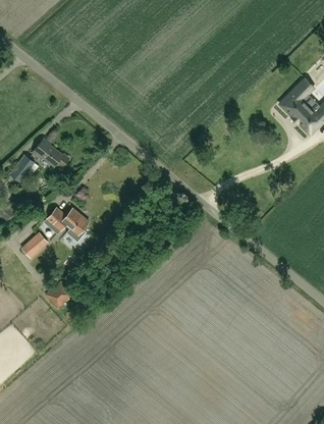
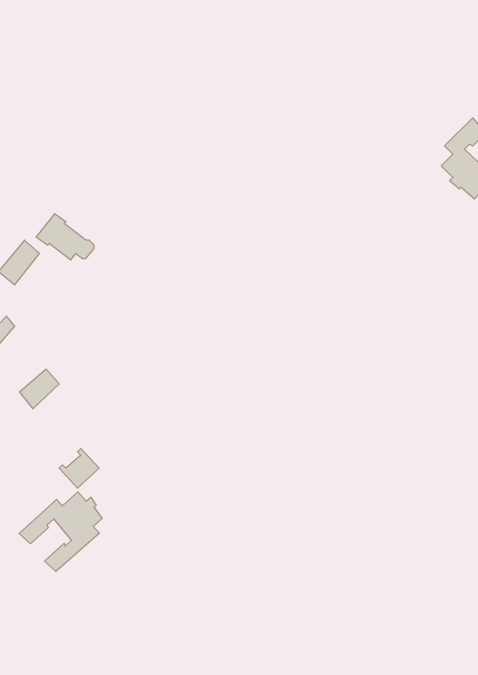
building: [43,208,89,241] -> none
building: none -> [19,492,102,572]

